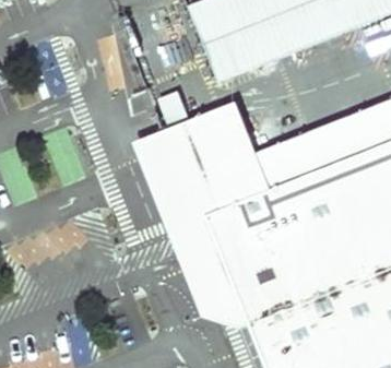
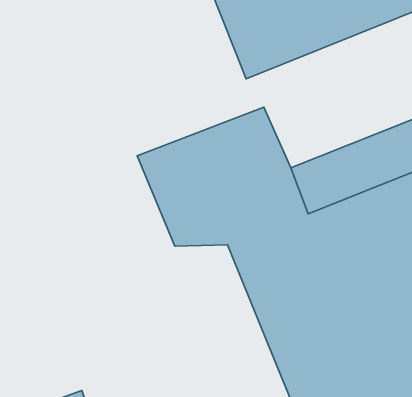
building: [161,214,247,327] -> none

